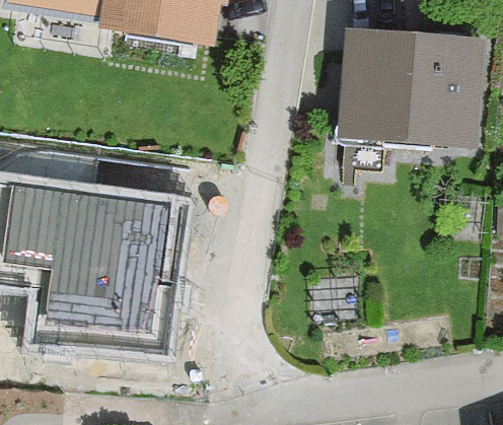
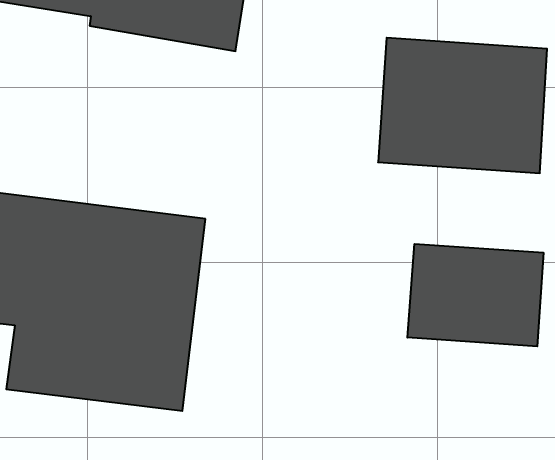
building: none -> [407,244,543,346]

